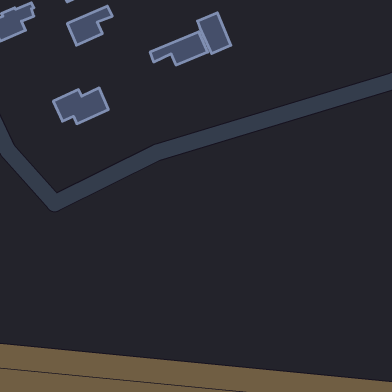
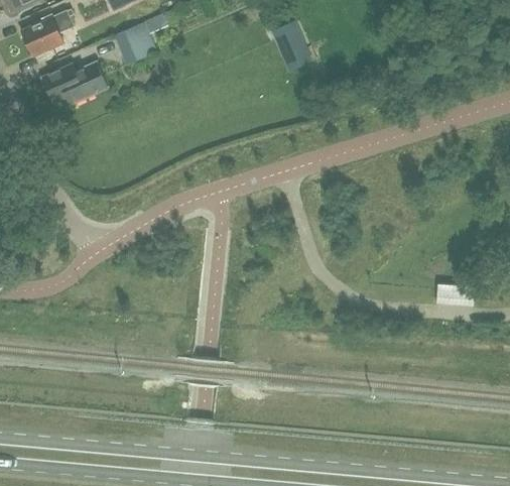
building: [150,32,208,65] -> none
building: [53,88,108,124] -> [42,62,109,105]

